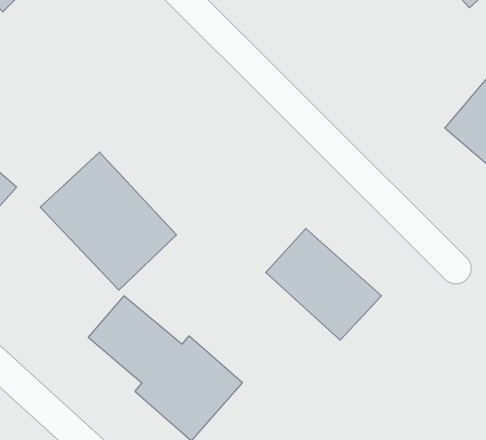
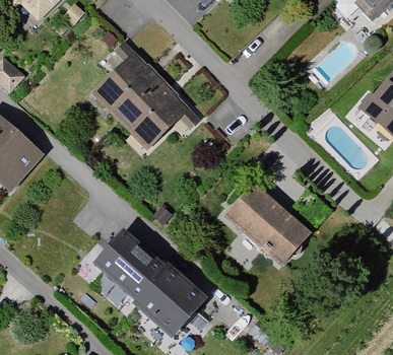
building: [40,152,177,290] -> [91,52,192,153]

